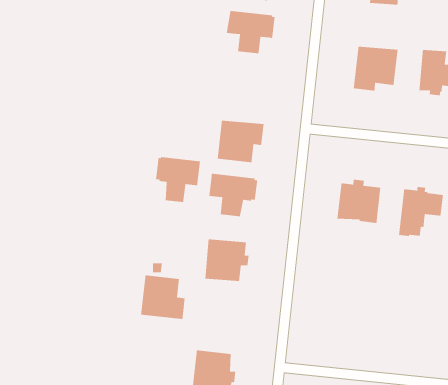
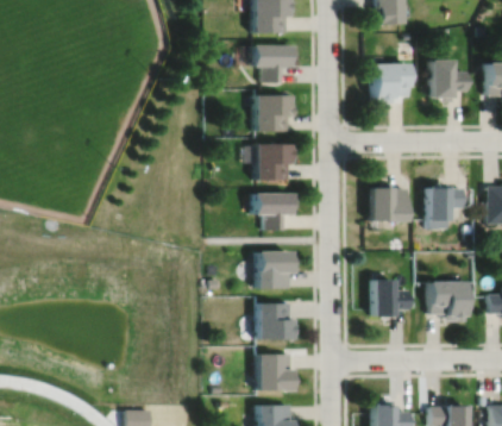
building: none -> [255,95,293,132]
building: [155,156,201,203] -> none
building: [140,275,186,320] -> [257,305,296,342]
building: none -> [371,281,408,319]
building: none -> [428,283,465,322]

